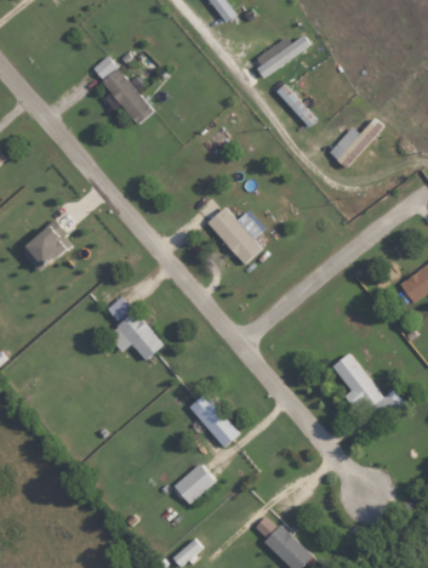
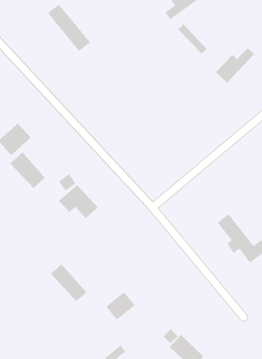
building: [207,206,262,263] -> none
building: none -> [10,152,46,189]
building: [188,392,240,447] -> [50,263,87,302]

